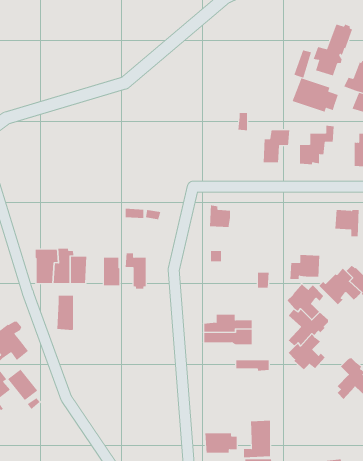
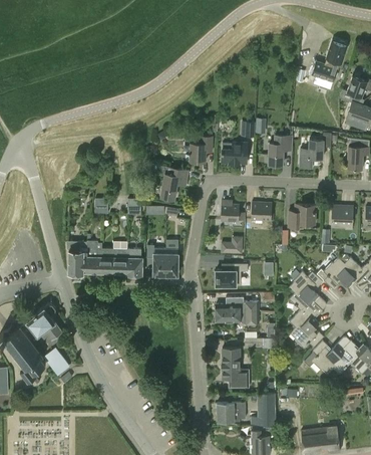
building: [292,78,339,112] -> none
building: none -> [186,138,213,163]
building: none -> [222,143,247,164]
building: none -> [161,167,189,200]
building: none -> [251,202,272,224]
building: none -> [165,240,180,276]
building: [289,254,320,280] -> [288,204,315,226]
building: none -> [214,263,248,285]
building: [57,295,74,332] -> [112,241,127,273]
building: none -> [304,340,343,374]
building: none -> [223,350,249,387]

